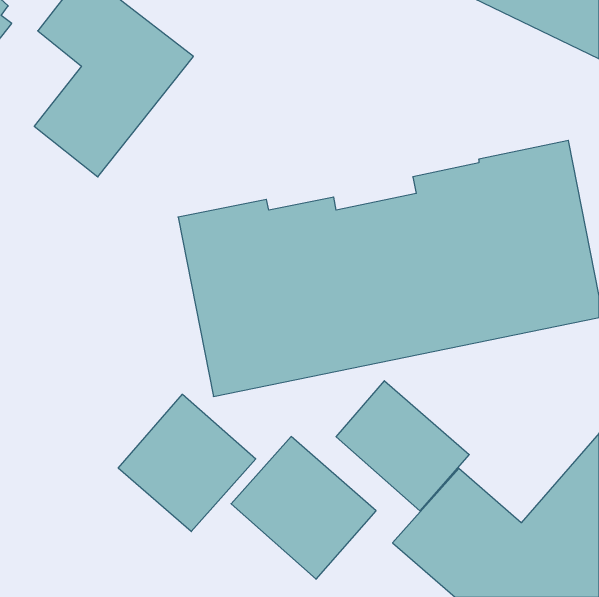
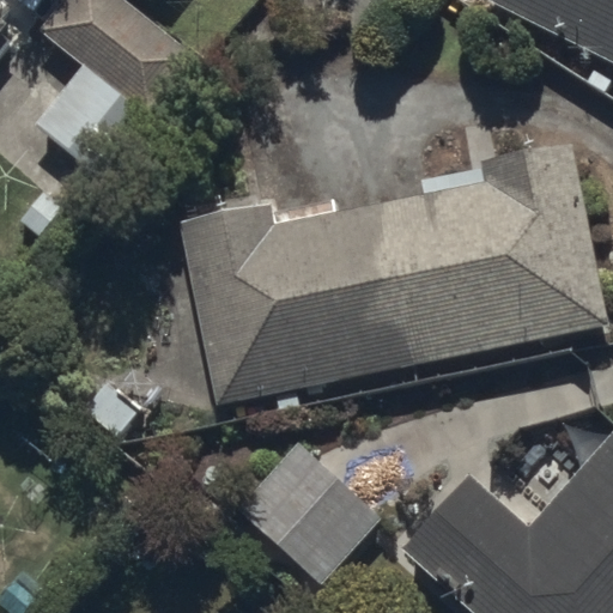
building: [336,381,469,511] -> none
building: [118,394,256,532] -> none

